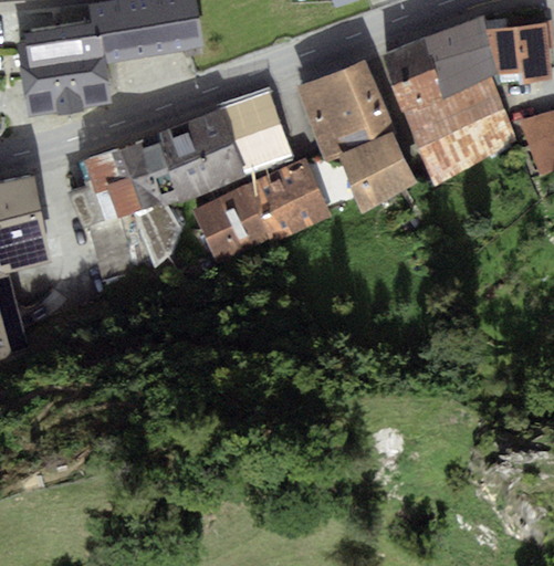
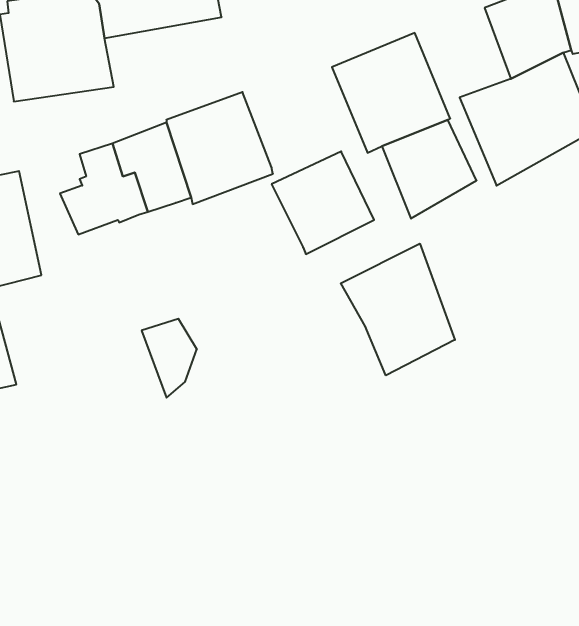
building: [381,36,446,112] -> none
building: [220,91,291,170] -> none
building: [191,185,271,264] -> none
building: [133,200,179,266] -> [142,319,197,398]
building: none -> [341,244,455,375]

